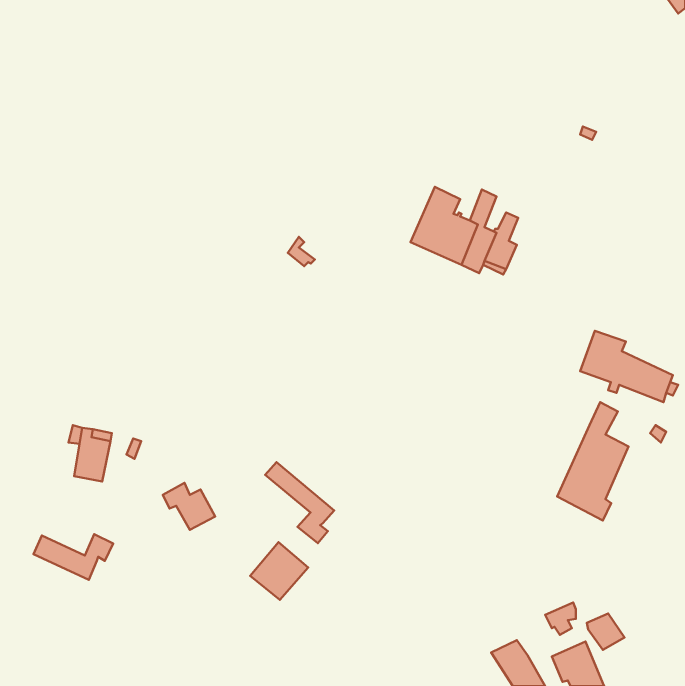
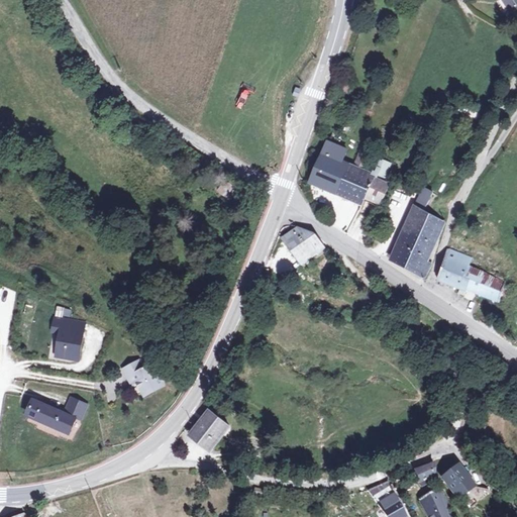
building: none -> [284,228,322,262]
building: [557,402,629,521] -> [390,188,443,277]
building: [265,462,334,543] -> none

